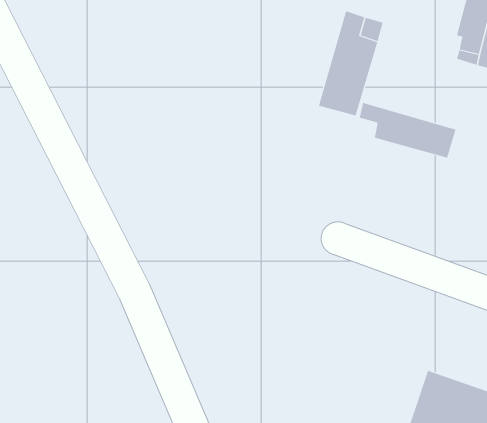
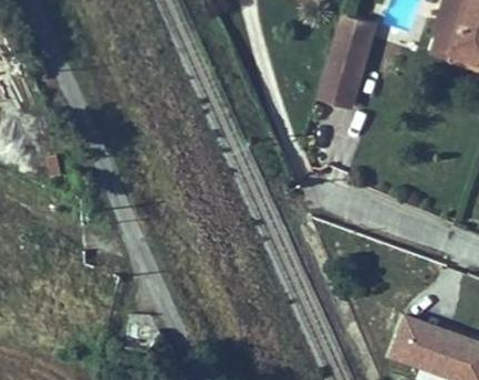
building: [359,102,456,159] -> none

